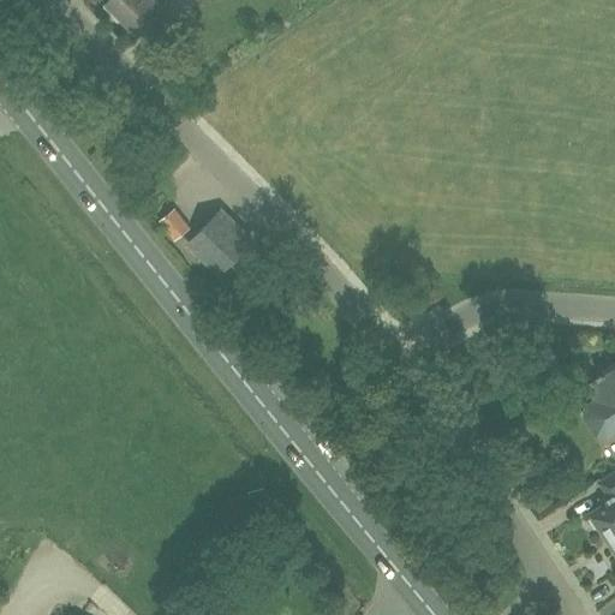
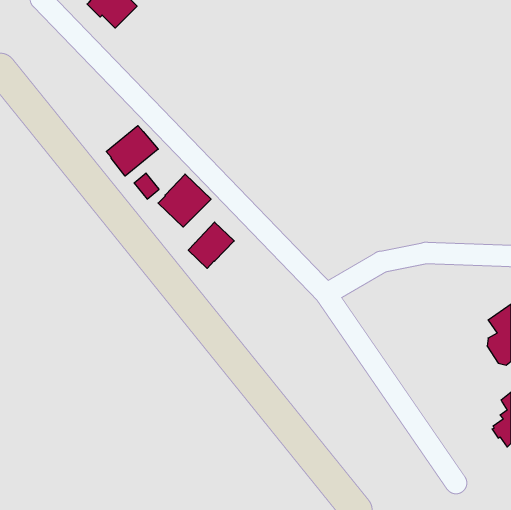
building: none -> [106,126,158,176]
building: none -> [188,222,234,268]

